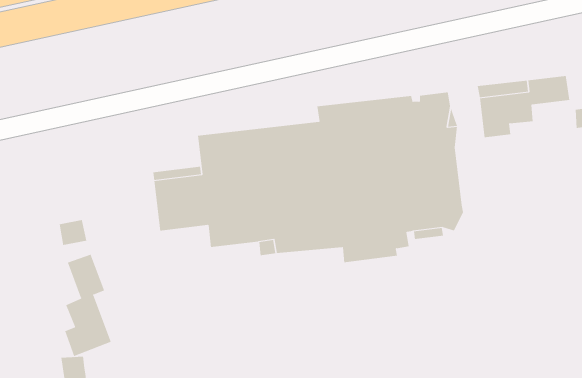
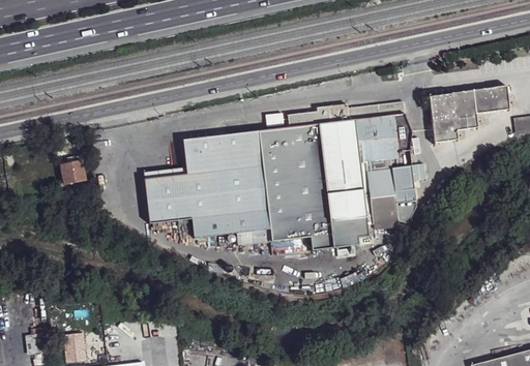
building: [59,220,87,245] -> [60,160,85,183]
building: [64,254,112,357] -> none

